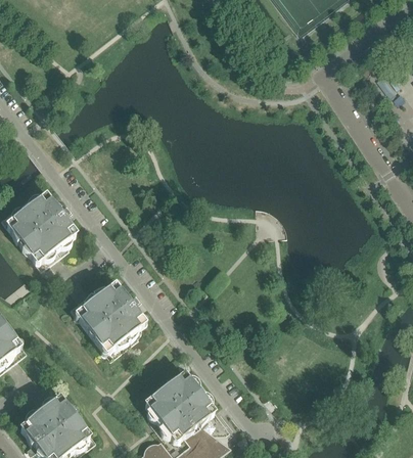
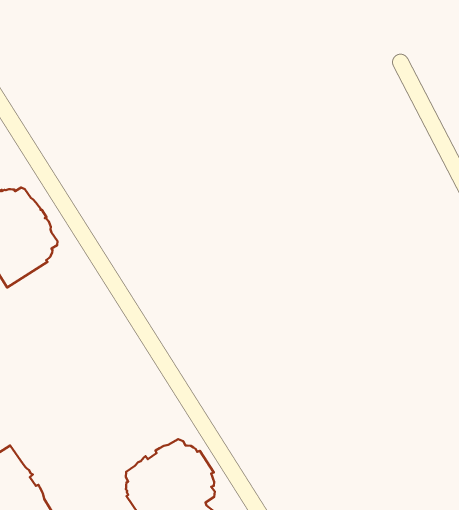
building: [70,281,147,359] -> none

